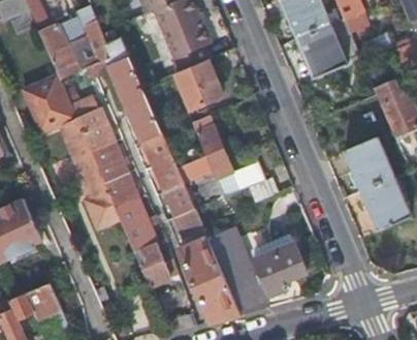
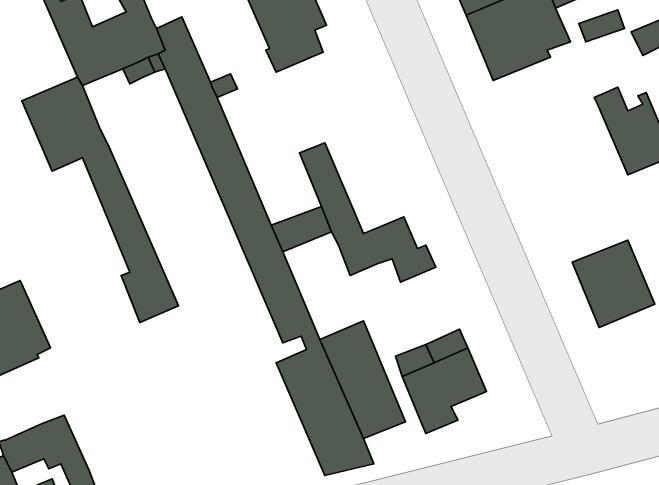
building: [174,59,222,109] -> none
building: [70,100,178,285] -> none
building: [343,133,394,188] -> none

